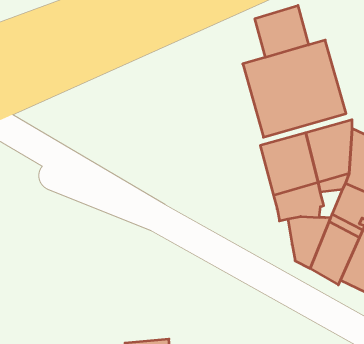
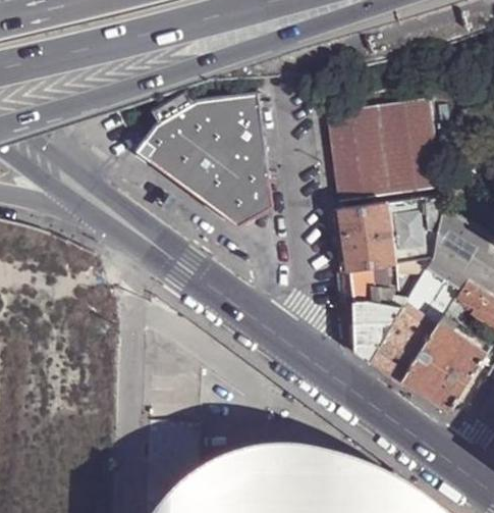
building: [255,5,309,57] -> none
building: none -> [132,92,272,227]

